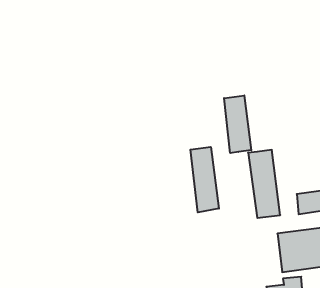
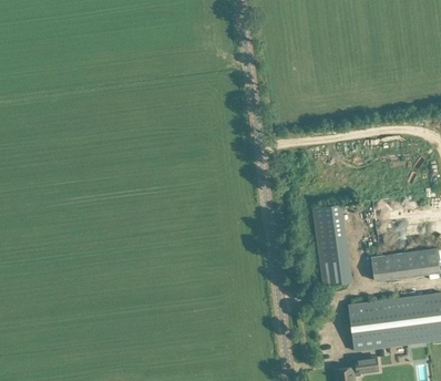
building: [224,95,251,153] -> none
building: [190,147,219,212] -> none

